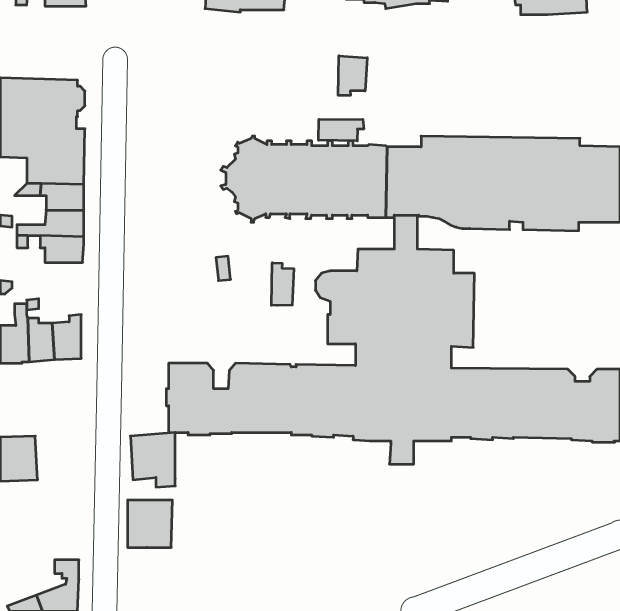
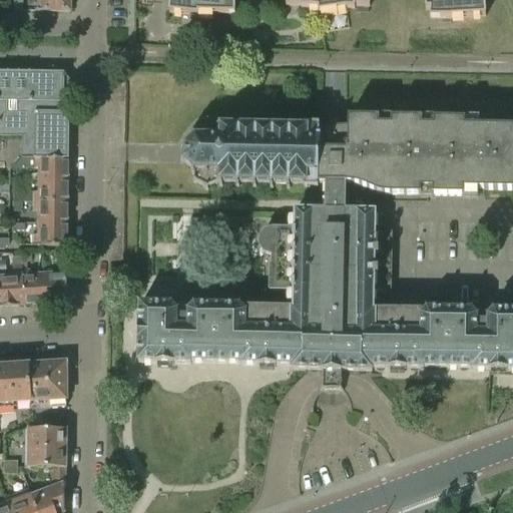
building: [338,56,367,95] -> none
building: [319,119,364,141] -> none
building: none -> [32,216,68,239]
building: [271,263,294,305] -> none
building: [130,432,175,487] -> [29,357,66,402]
building: [128,500,172,547] -> [29,423,66,462]

